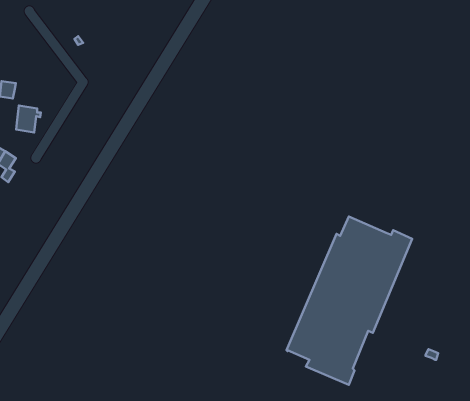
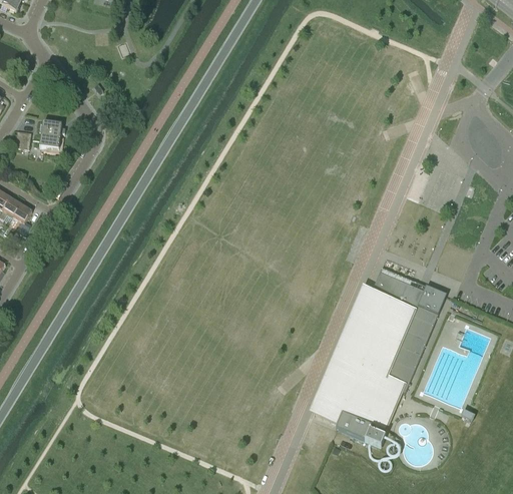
building: [16,106,41,133] -> [37,120,63,148]

